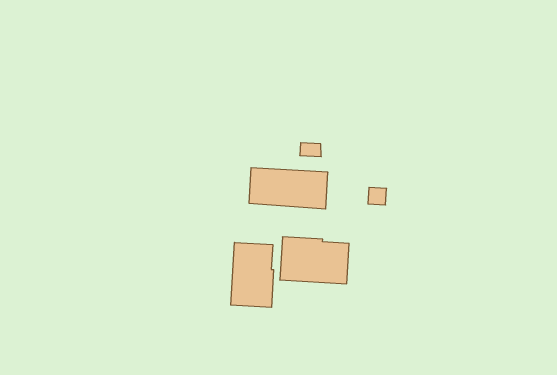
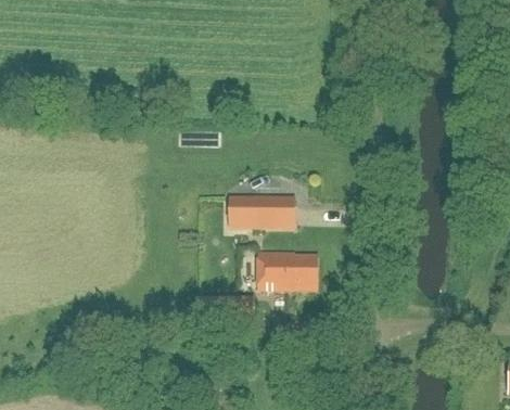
building: [231,242,274,307] -> none

